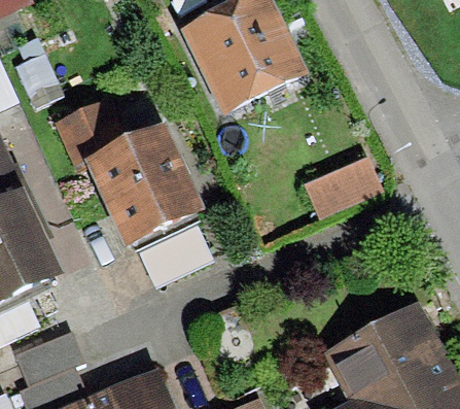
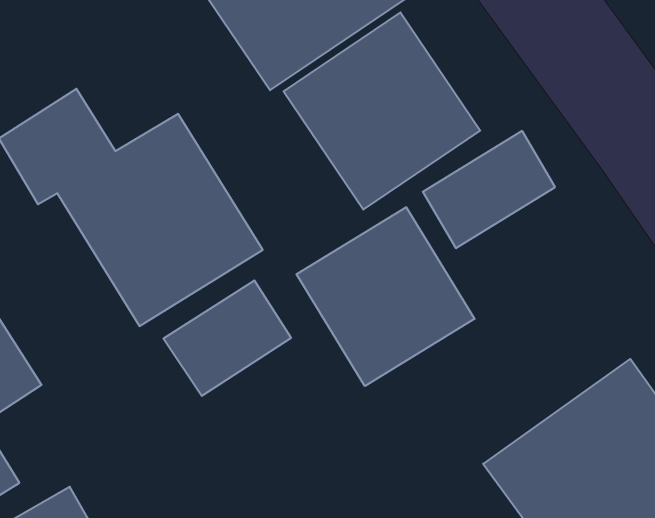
building: none -> [284,12,480,210]
building: none -> [296,207,475,386]

